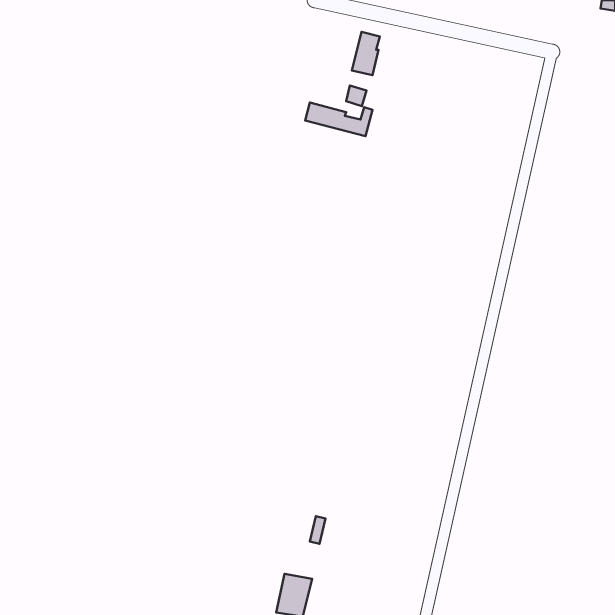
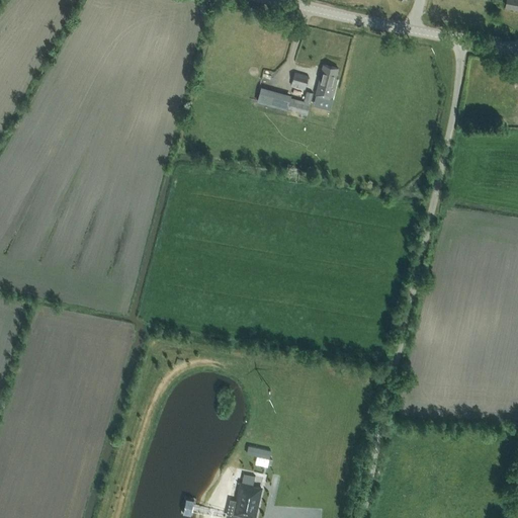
building: [352,32,380,75] -> [315,65,338,101]

